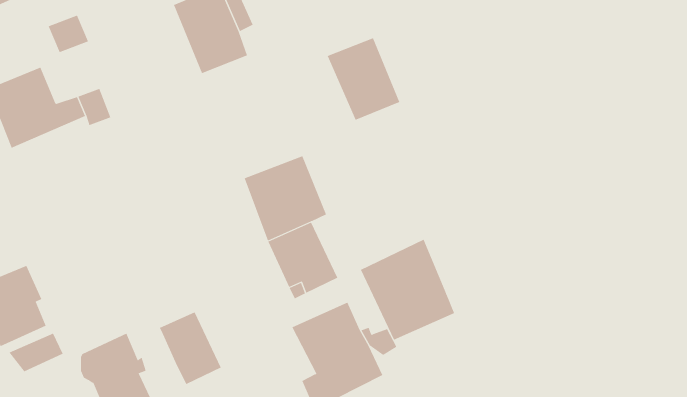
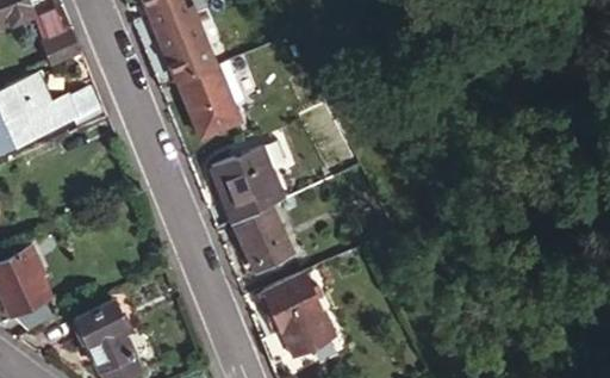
building: [327,37,400,120] -> [178,64,239,135]
building: [360,239,455,341] -> none
building: [159,311,221,385] -> none

